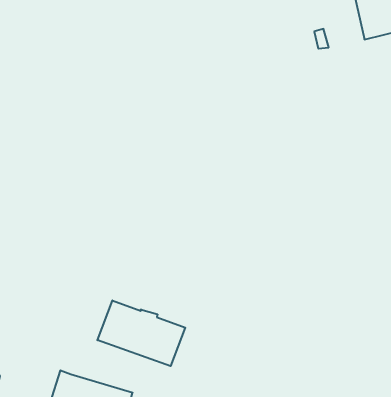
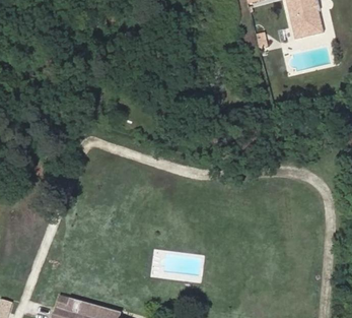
building: [97,300,185,366] -> none

